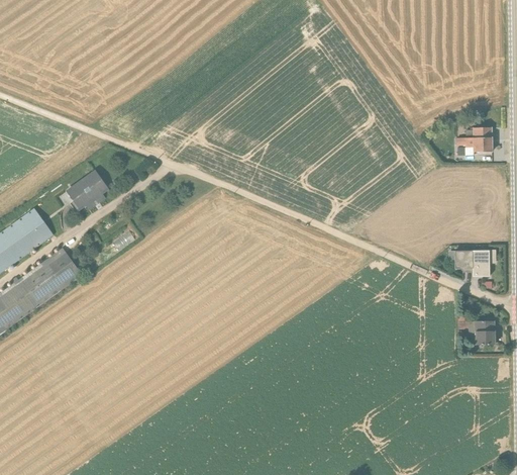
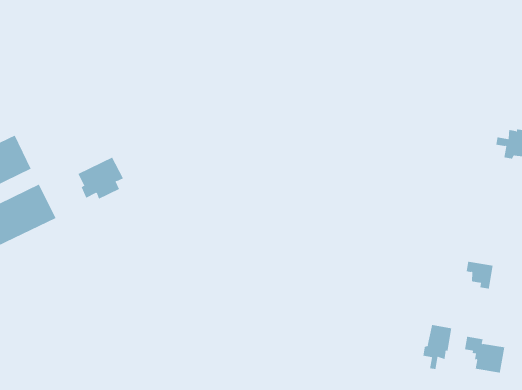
building: [67,171,108,211] -> [77,157,124,200]
building: [473,250,490,276] -> none
building: none -> [423,324,452,370]

